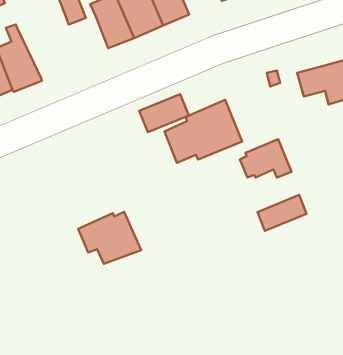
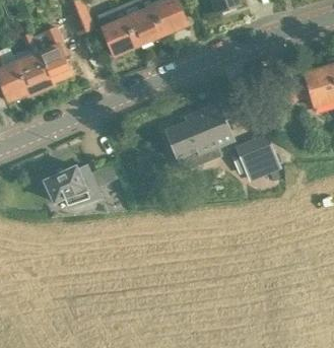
building: none -> [31,26,72,81]
building: [139,94,189,132] -> none
building: [257,195,307,231] -> none
building: [78,212,141,264] -> [45,164,102,211]

